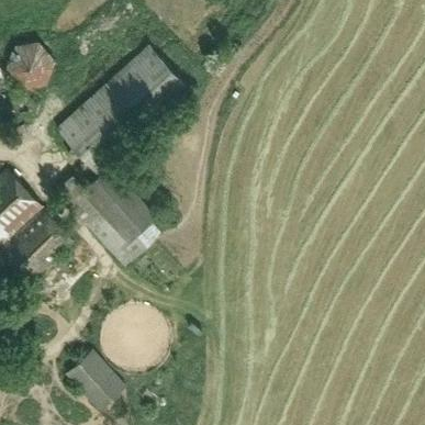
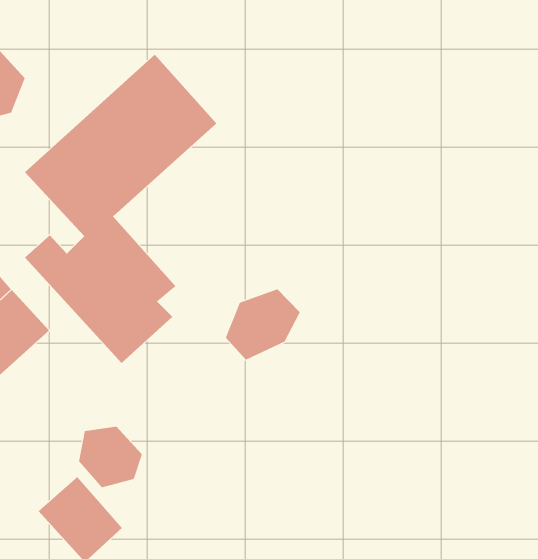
building: none -> [225,289,301,360]
building: none -> [78,426,143,488]

